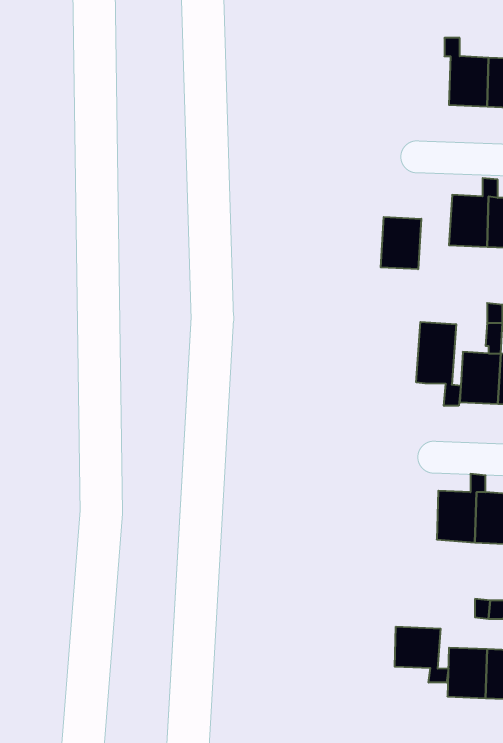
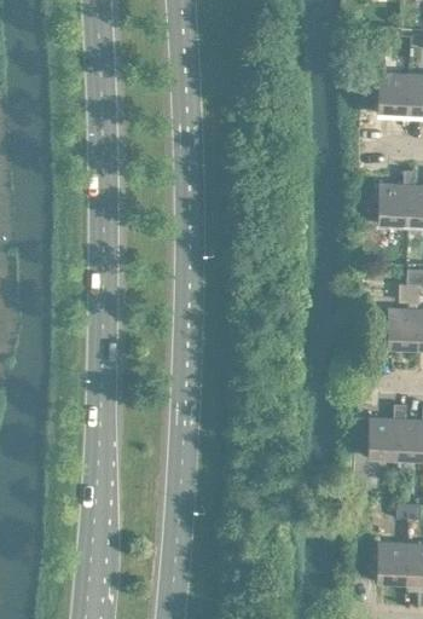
building: [381,217,421,269] -> none
building: [416,322,461,406] -> none
building: [395,627,448,683] -> none

